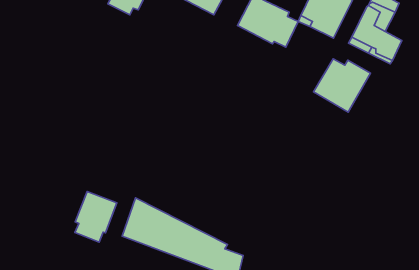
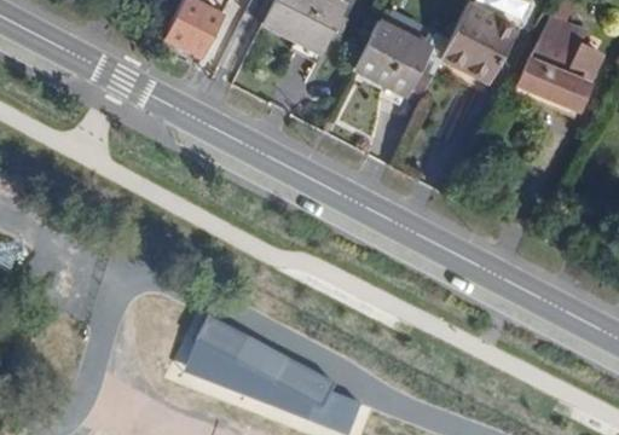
building: [313,59,371,112] -> none
building: [75,192,117,242] -> none

